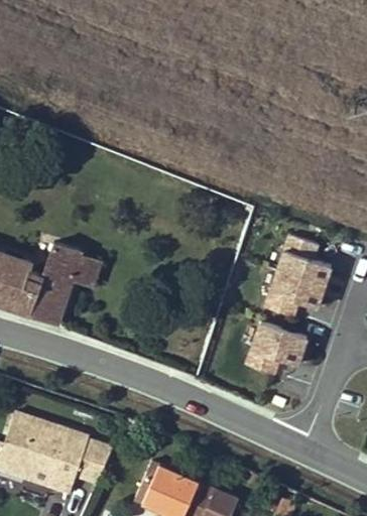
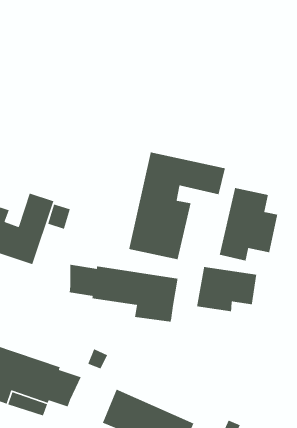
building: none -> [128,151,226,260]
building: none -> [69,264,179,323]

